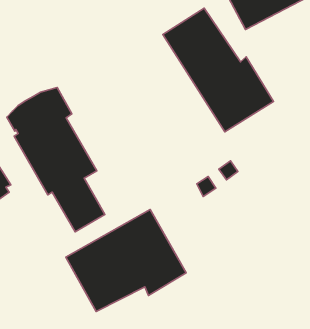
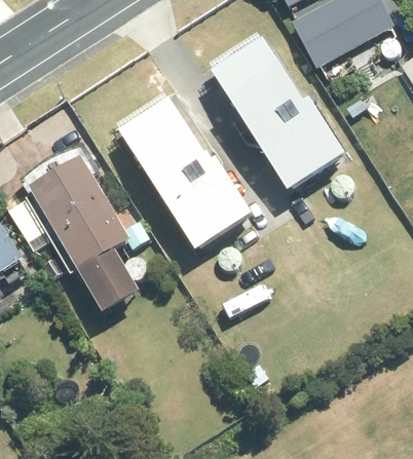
building: none -> [118,99,254,248]
building: [66,210,186,311] -> none

